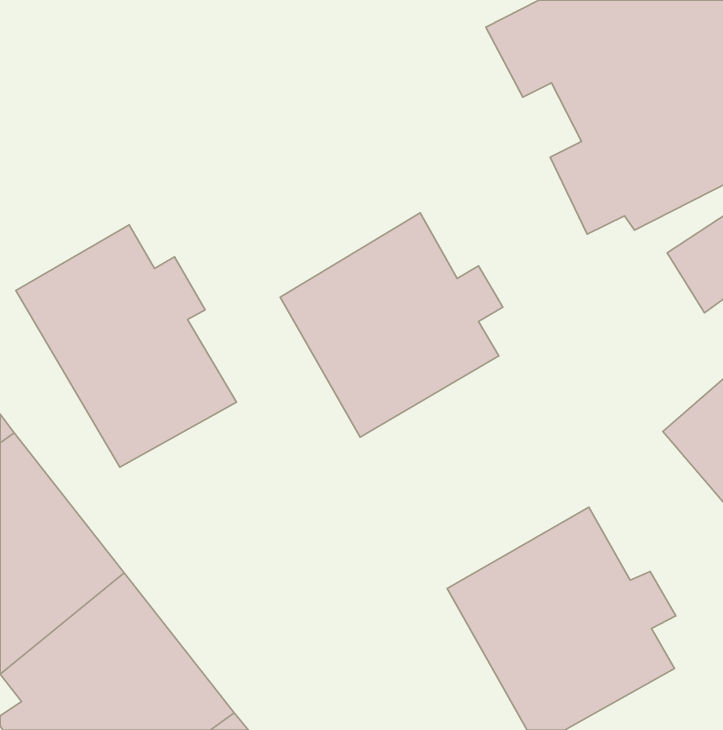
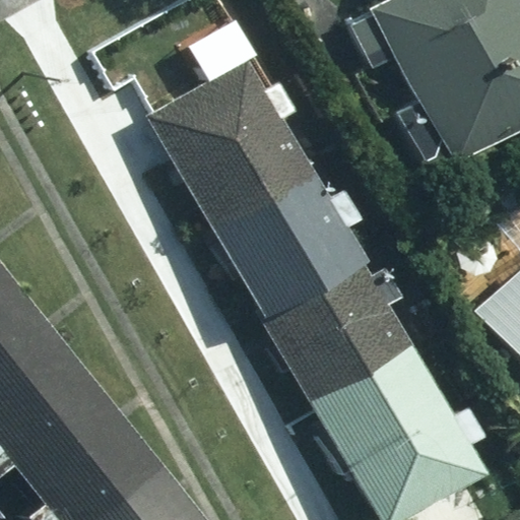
building: none -> [148,60,304,211]
building: [16,225,236,467] -> none
building: none -> [261,253,424,418]

